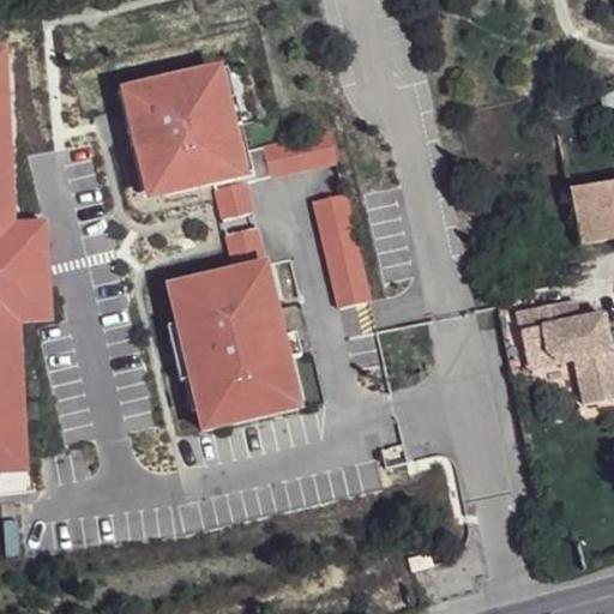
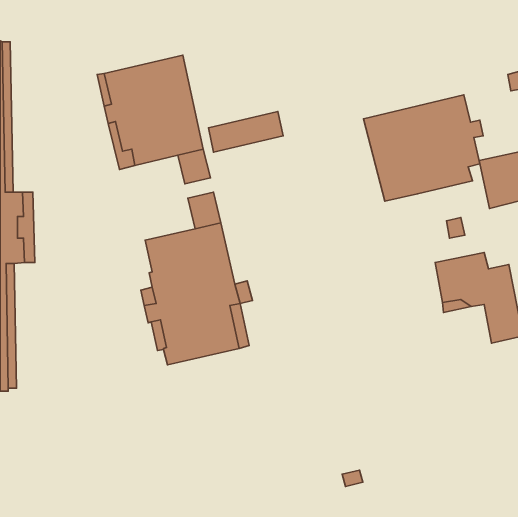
building: none -> [363,95,483,201]
building: [314,192,369,306] -> none

